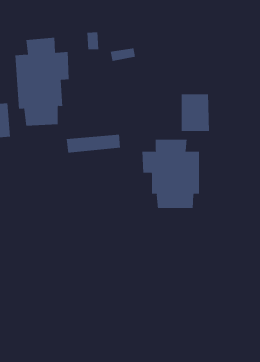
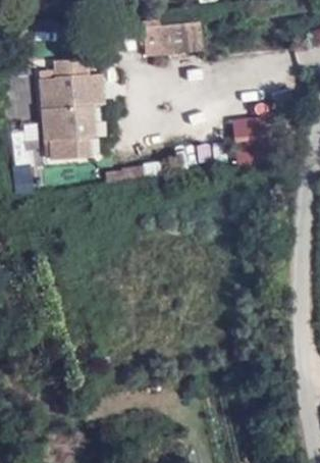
building: none -> [140,23,200,58]
building: [142,139,200,209] -> none

